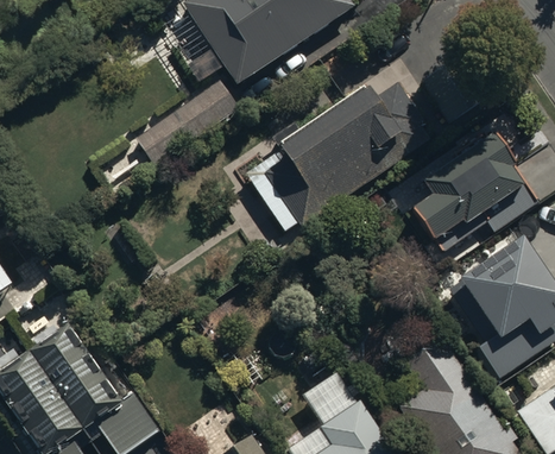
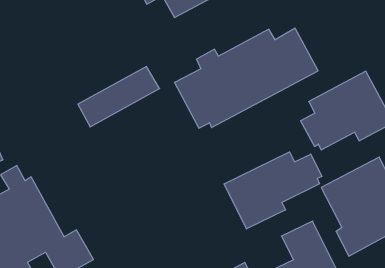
building: [133,78,239,165] -> [78,67,160,127]
building: none -> [224,152,322,229]

